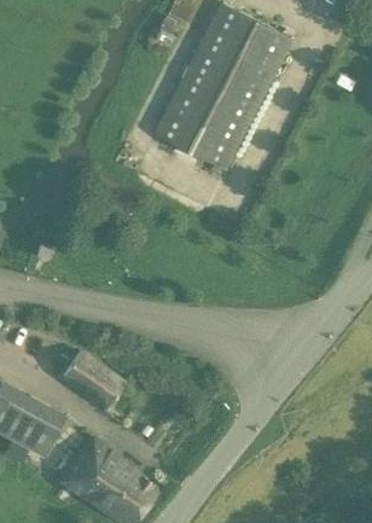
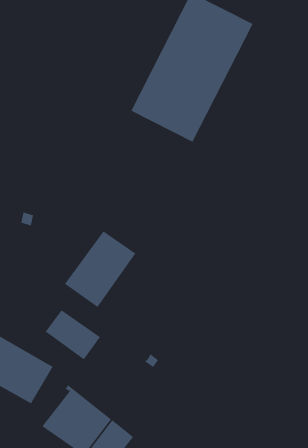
building: none -> [64,230,136,308]

